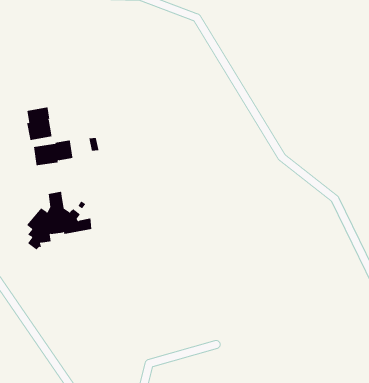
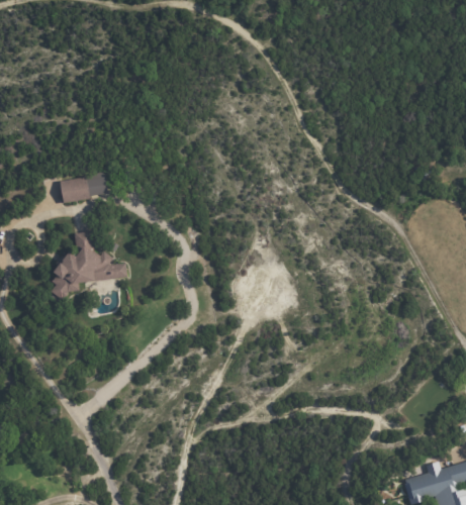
building: [26,107,52,141] -> none

